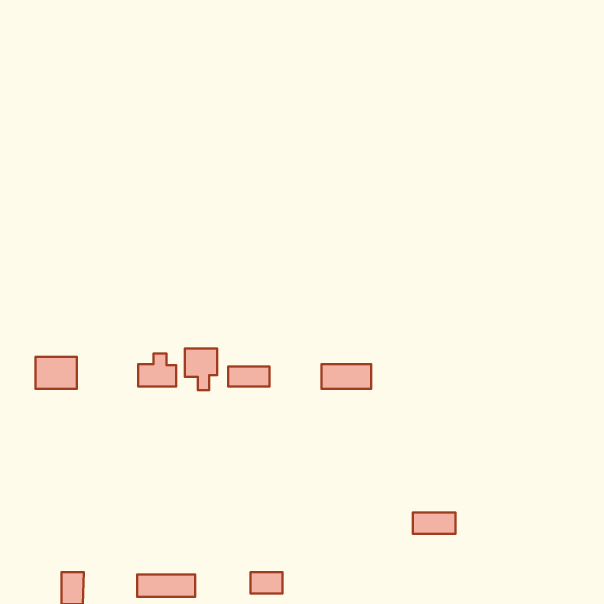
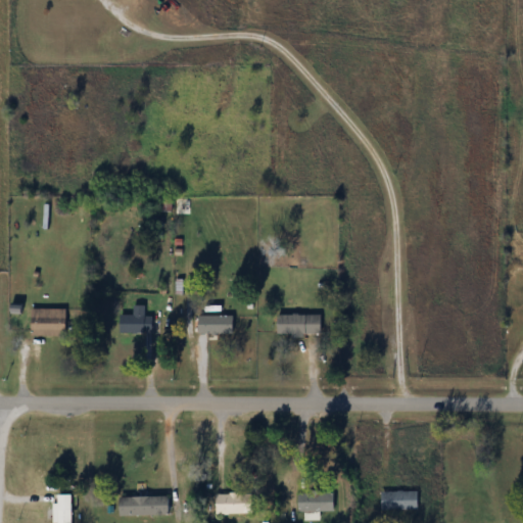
building: [185,349,217,390] -> none
building: [413,513,455,534] -> [381,491,418,510]
building: none -> [297,493,334,512]

